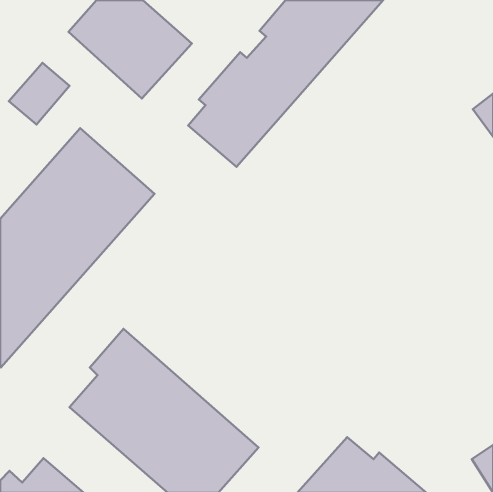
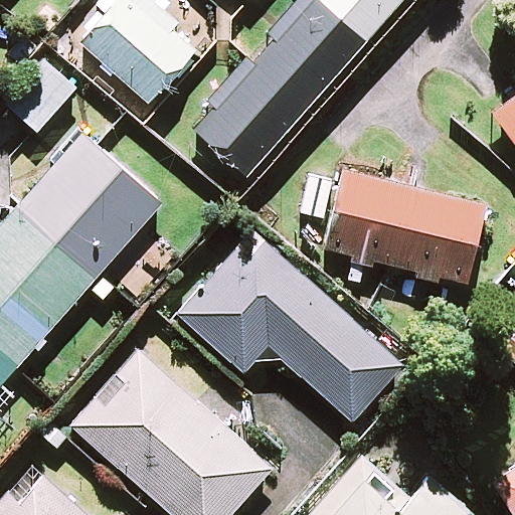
building: none -> [326,173,484,285]
building: none -> [180,231,404,419]

